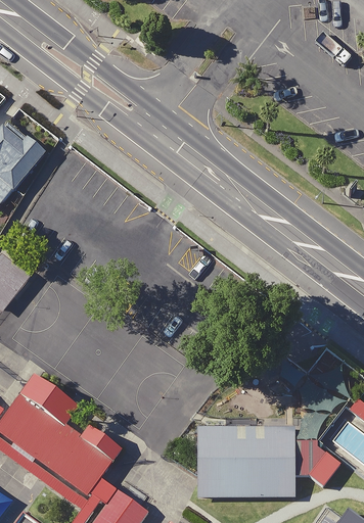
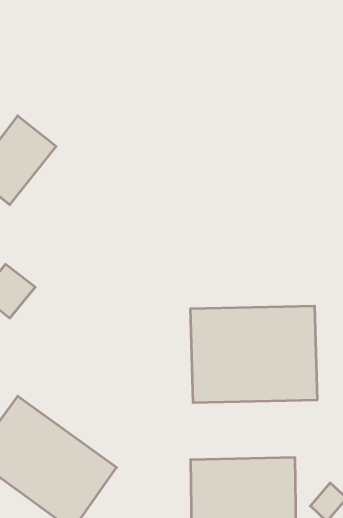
building: none -> [191,306,317,403]

